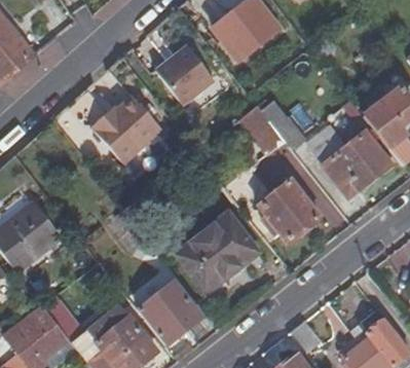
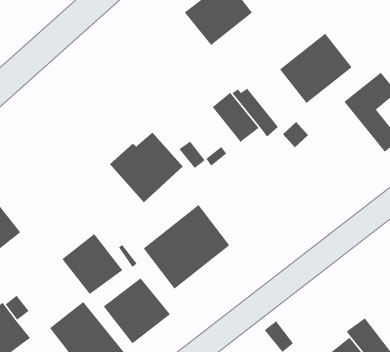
building: [152,42,212,102] -> none
building: [90,96,161,163] -> [109,132,184,203]
building: [322,127,392,195] -> [279,33,353,104]
building: [257,178,318,241] -> none
building: none -> [62,233,123,295]

